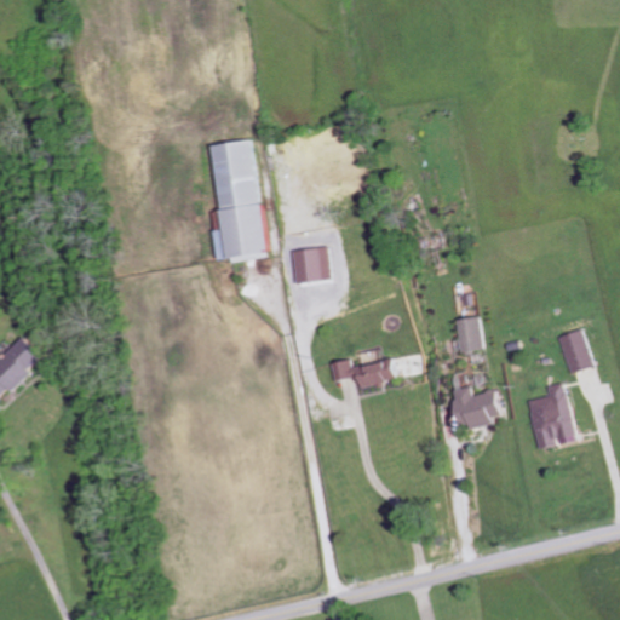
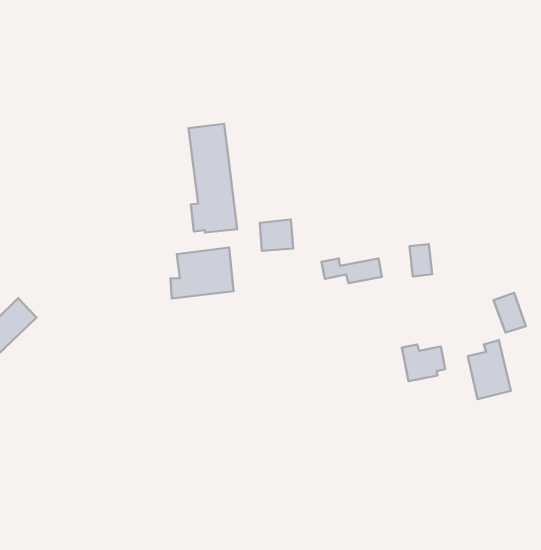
building: none -> [170,247,234,299]
building: [454,317,480,354] -> [410,244,432,276]
building: [328,360,396,388] -> [322,258,382,283]

